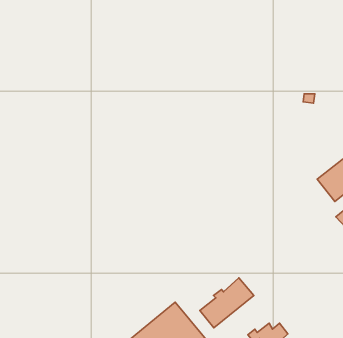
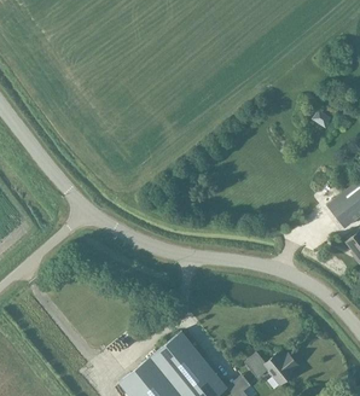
building: [200,278,254,328] -> none

